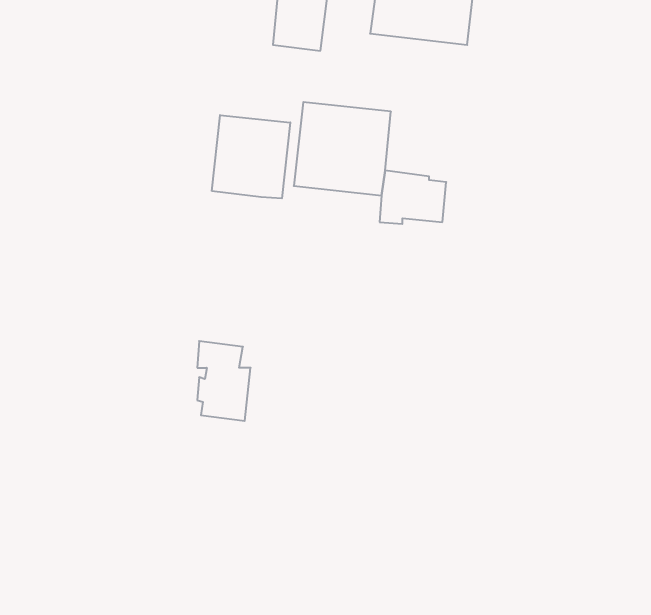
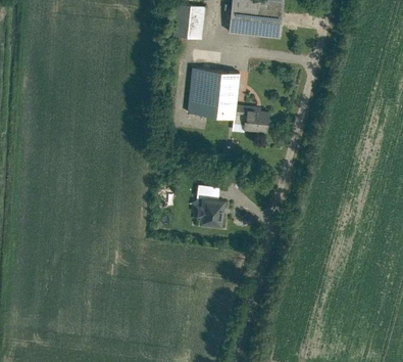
building: [212,115,290,198] -> none
building: [197,341,251,421] -> [196,186,224,229]

